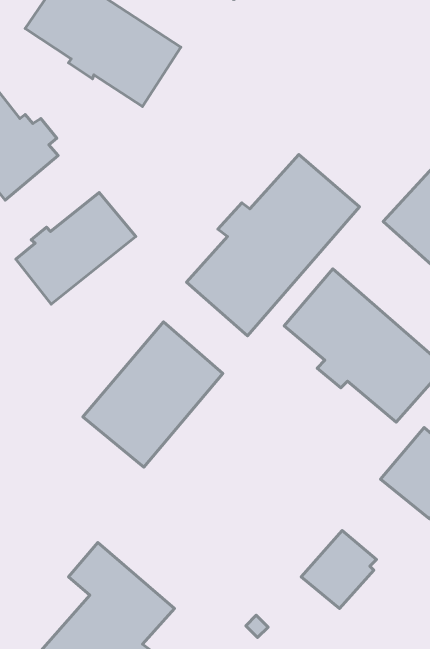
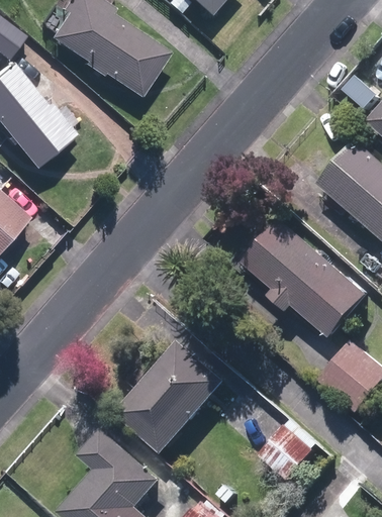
building: [186,155,360,336] -> none
building: [16,193,136,304] -> none
building: [83,322,223,467] -> [118,342,225,453]

